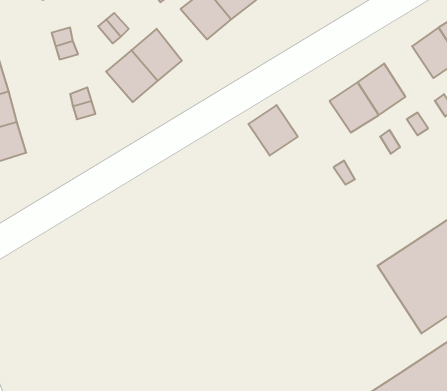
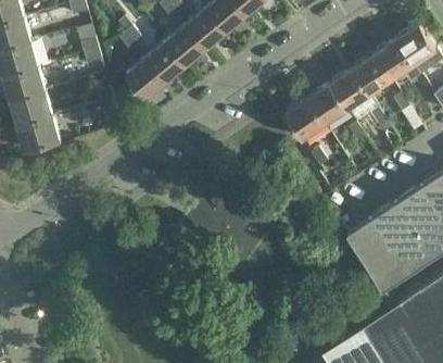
building: none -> [166,24,207,66]
building: none -> [352,54,392,96]
building: [248,105,298,156] -> [284,99,325,140]

